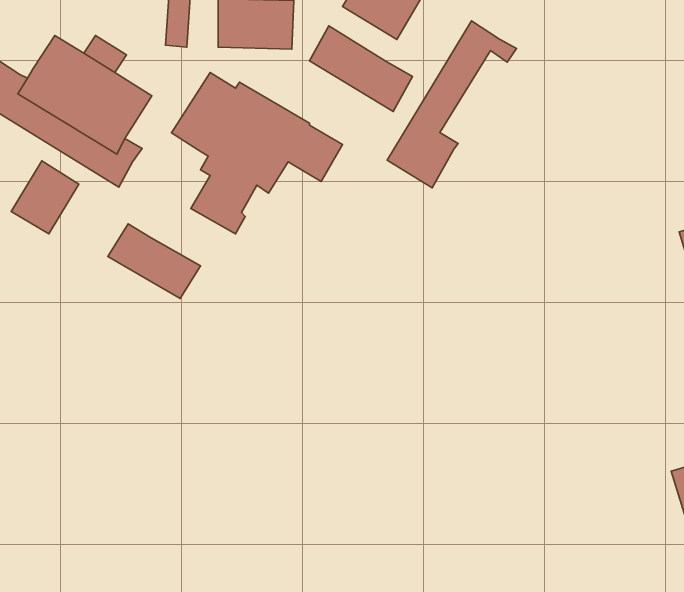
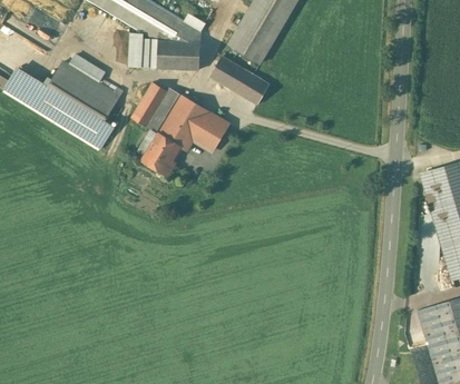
building: [387,21,517,188] -> none
building: [11,161,79,234] -> none
building: [108,224,201,299] -> none

